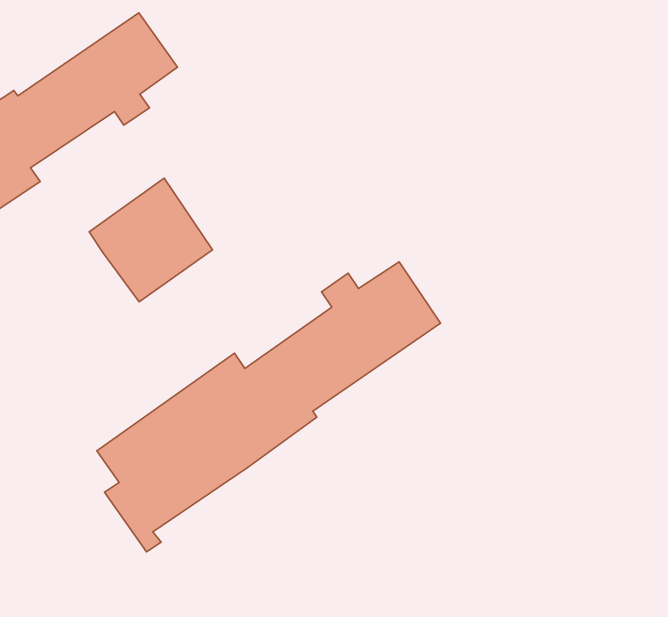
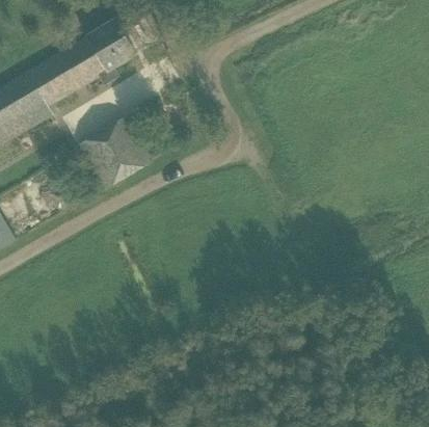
building: [97,262,441,552] -> none

